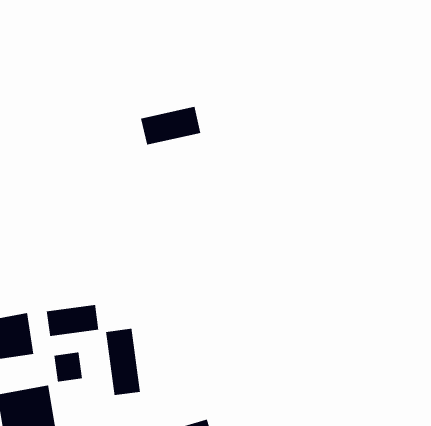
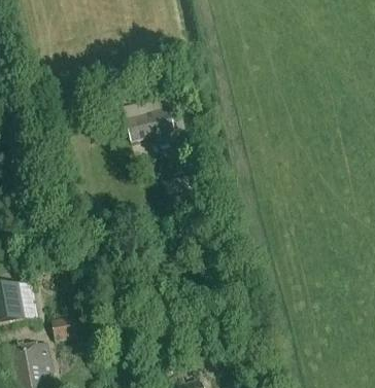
building: [46,304,99,337] -> none
building: [106,328,141,396] -> none

